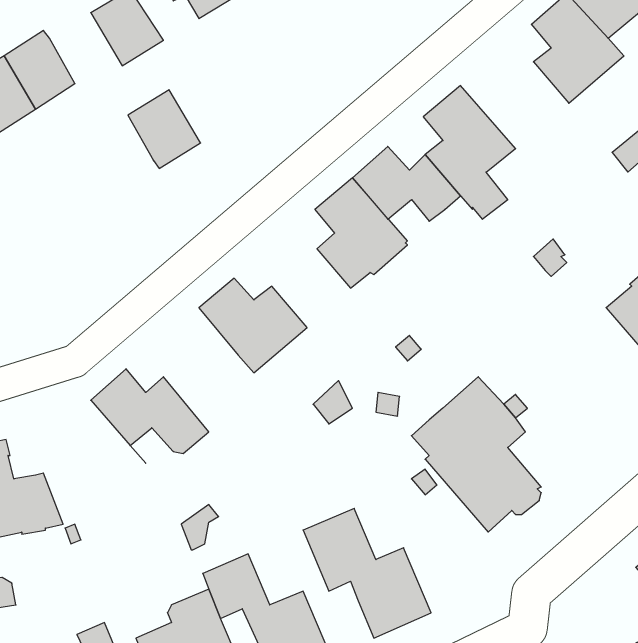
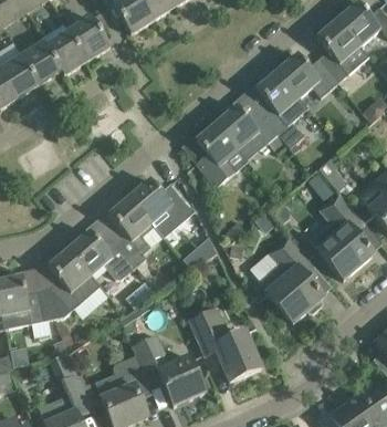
building: none -> [278,53,338,106]
building: [128,90,201,168] -> [46,30,87,74]
building: none -> [308,191,373,279]
building: none -> [108,196,153,265]
building: none -> [43,248,101,317]

